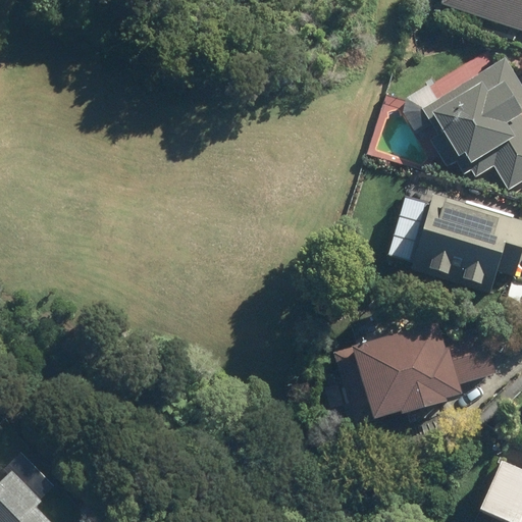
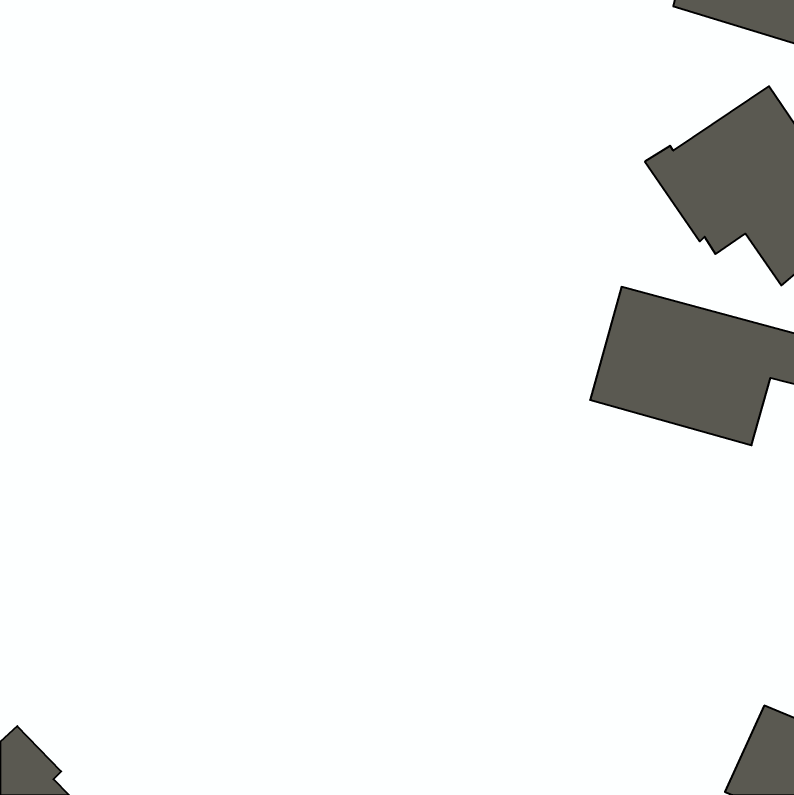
building: [331,326,498,426] -> none

